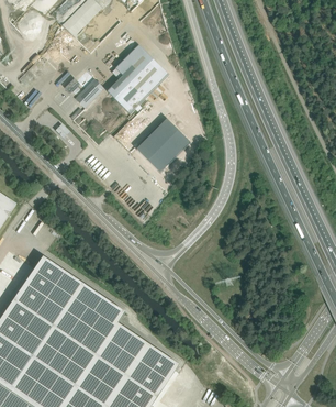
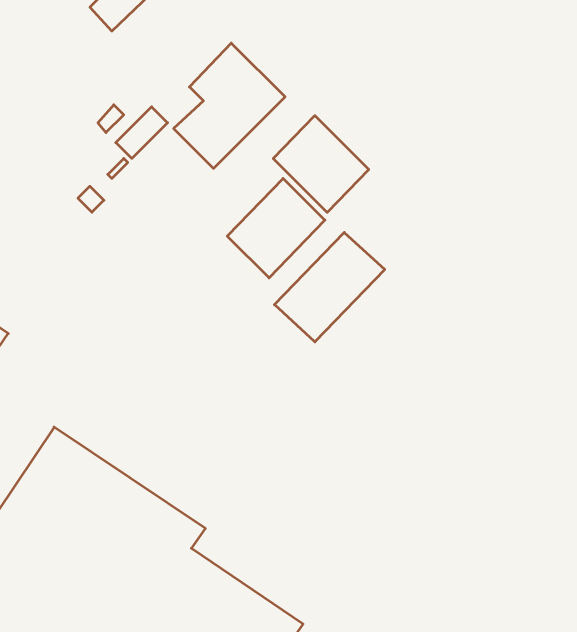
building: none -> [273,116,369,212]
building: none -> [274,232,385,342]

